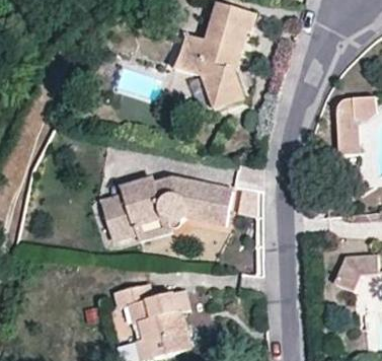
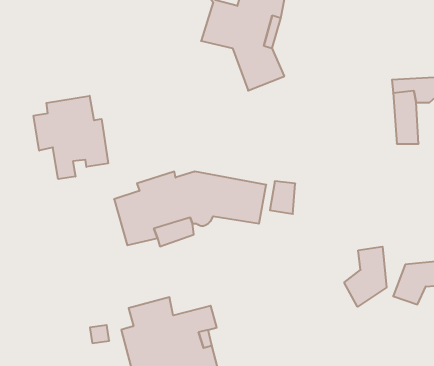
building: none -> [34,96,108,179]
building: none -> [344,247,387,307]

